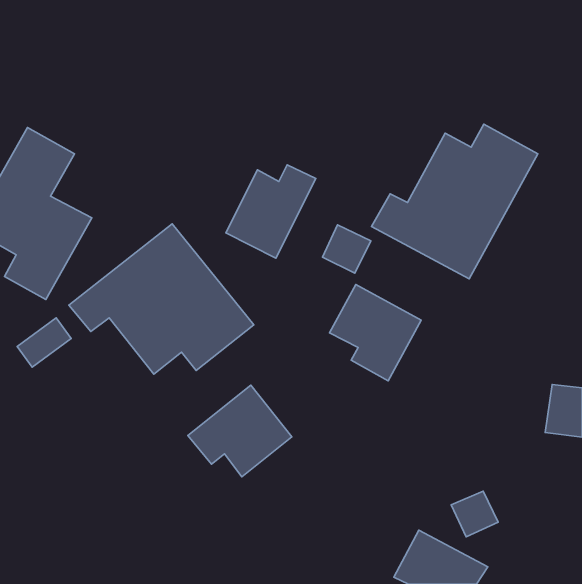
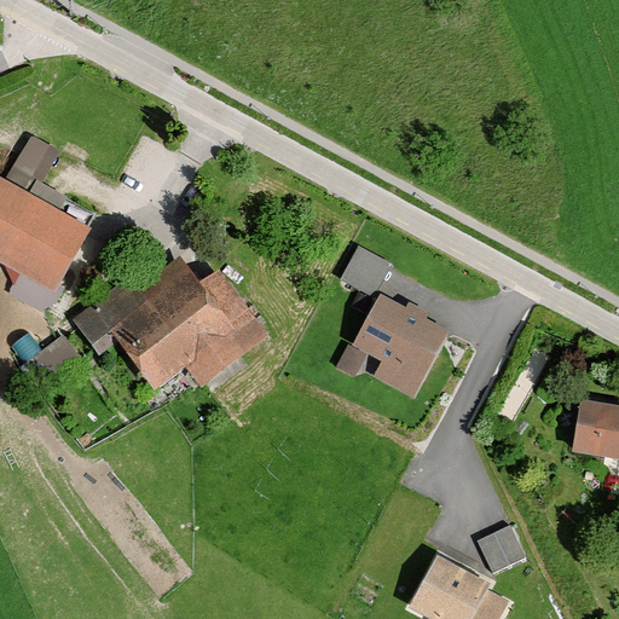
building: [372,124,538,279] -> none
building: [226,165,316,258] -> none
building: [188,385,292,477] -> none

